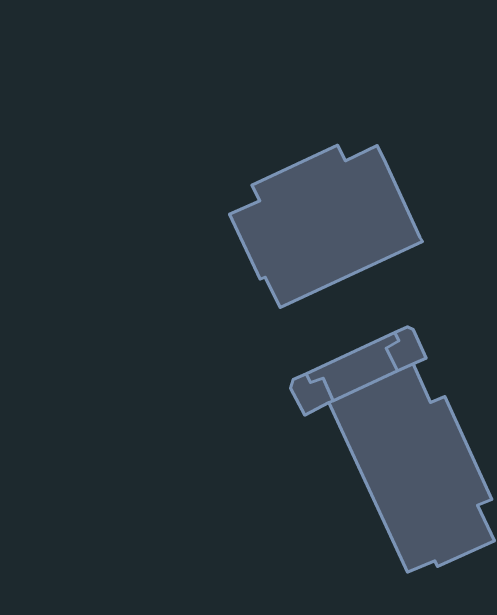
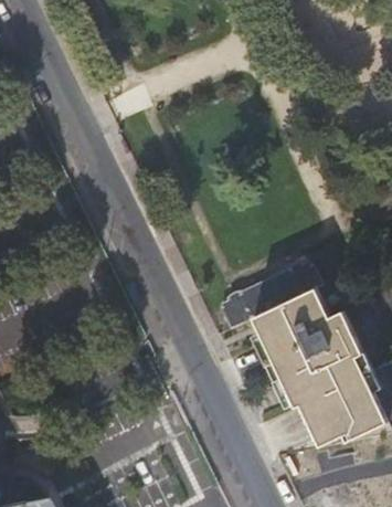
building: [229,145,422,307] -> none

